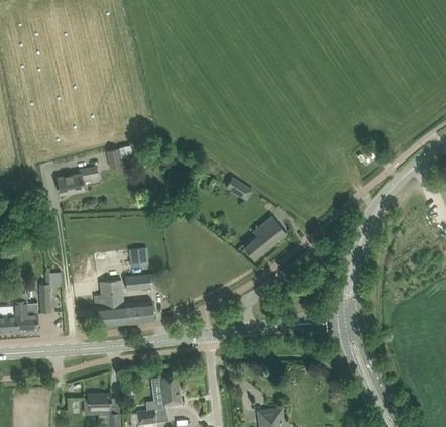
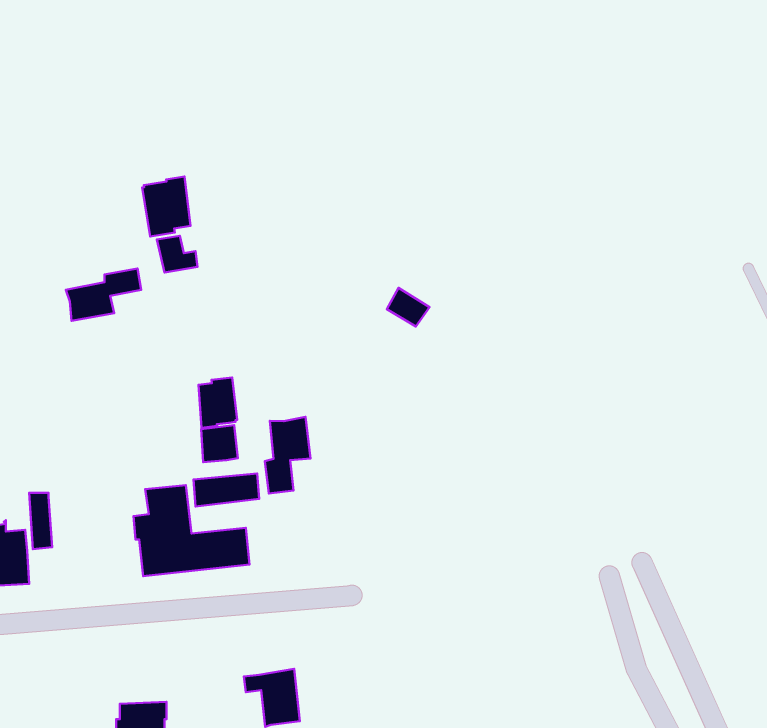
building: none -> [142,176,191,237]
building: [243,216,287,259] -> none
building: none -> [198,377,237,428]
building: none -> [265,417,310,493]

